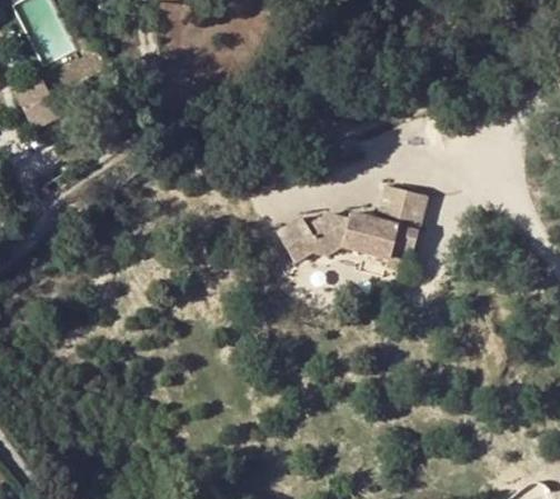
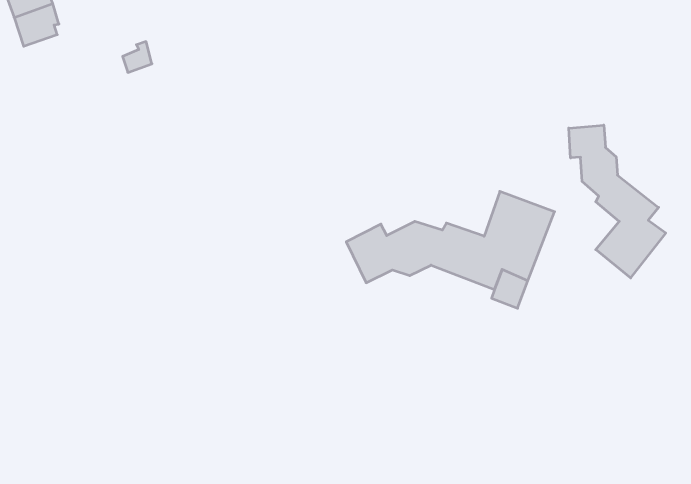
building: none -> [569,125,666,278]

